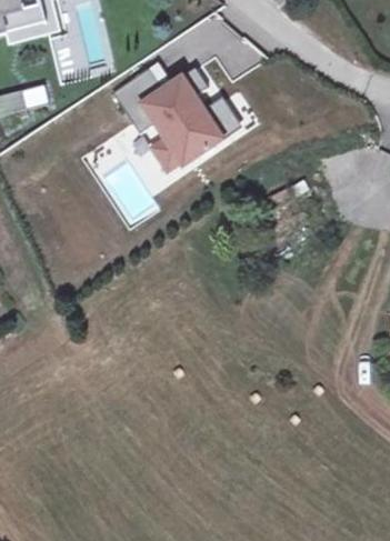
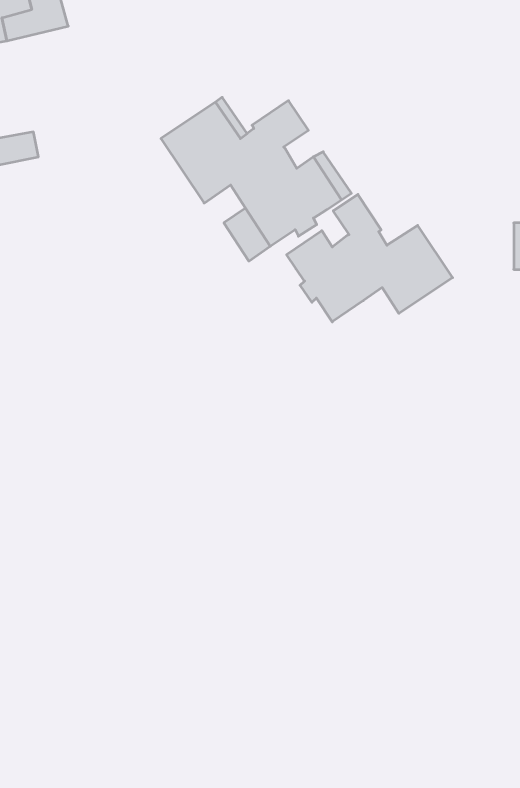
building: none -> [287,194,453,322]

